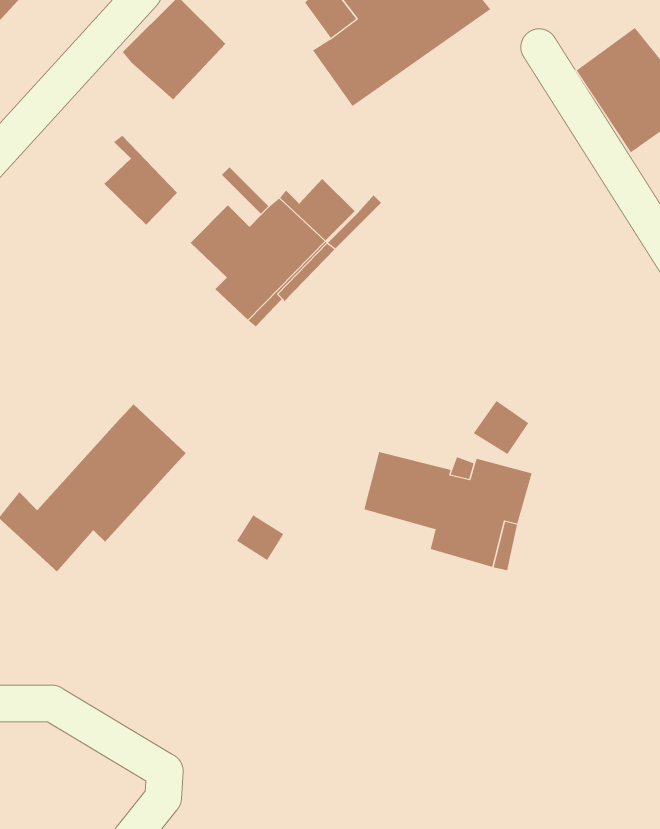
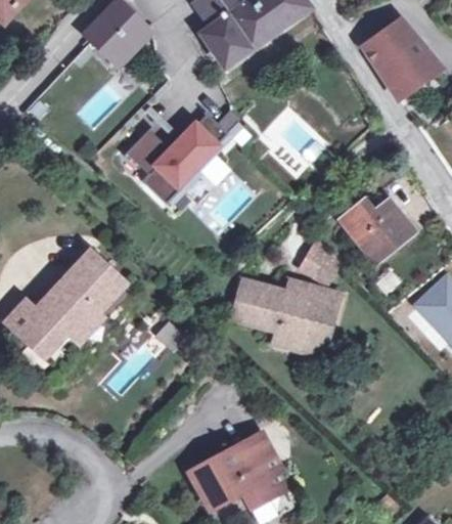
building: [103,135,178,226] -> none
building: none -> [343,192,410,260]
building: none -> [190,436,281,509]

